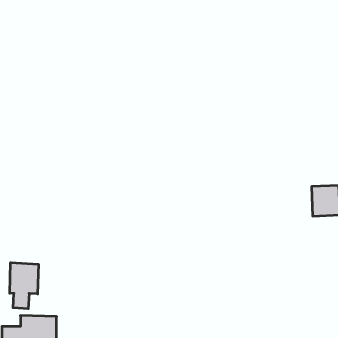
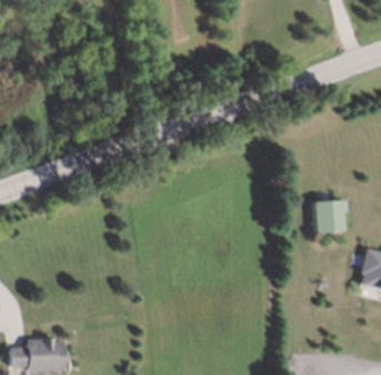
building: [10,263,38,309] -> none

